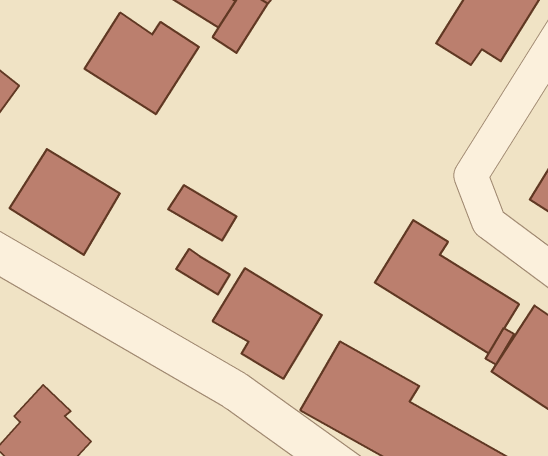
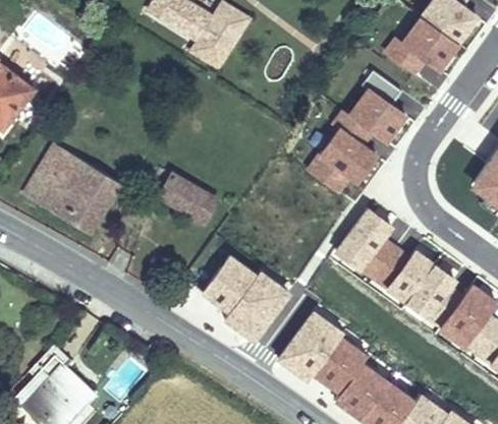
building: [85,13,199,114] -> none
building: none -> [345,72,408,145]
building: none -> [308,125,379,199]
building: [176,249,230,295] -> none

